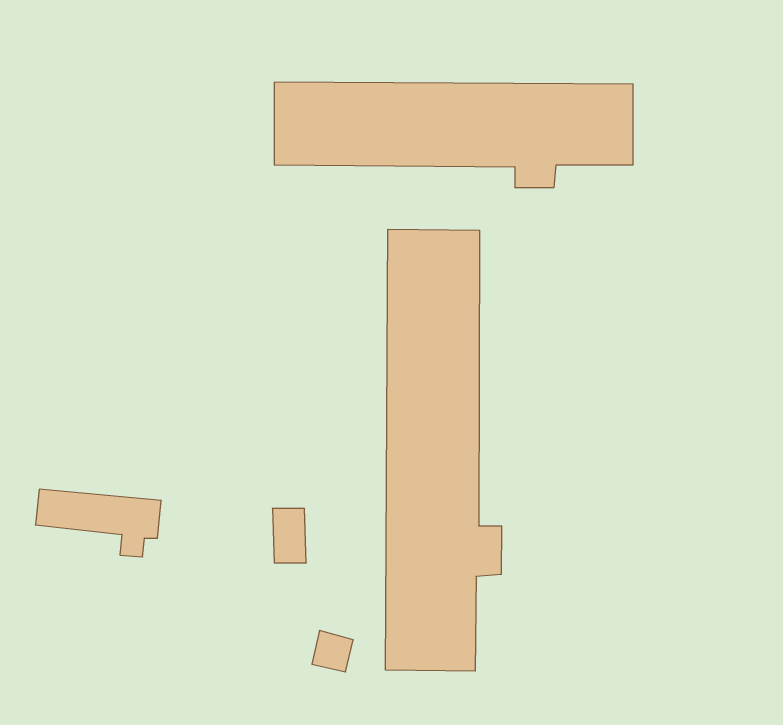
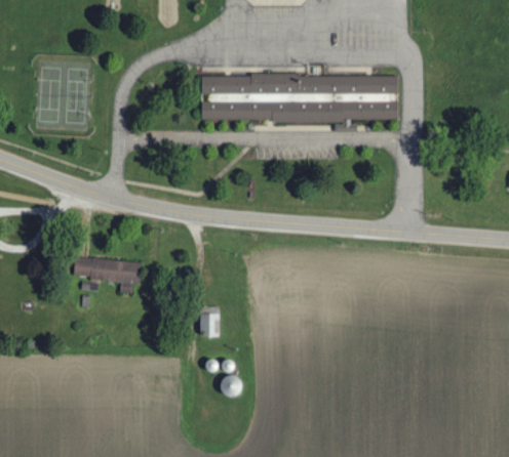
building: [386,229,502,671] -> none
building: [35,489,161,557] -> [71,256,140,293]

